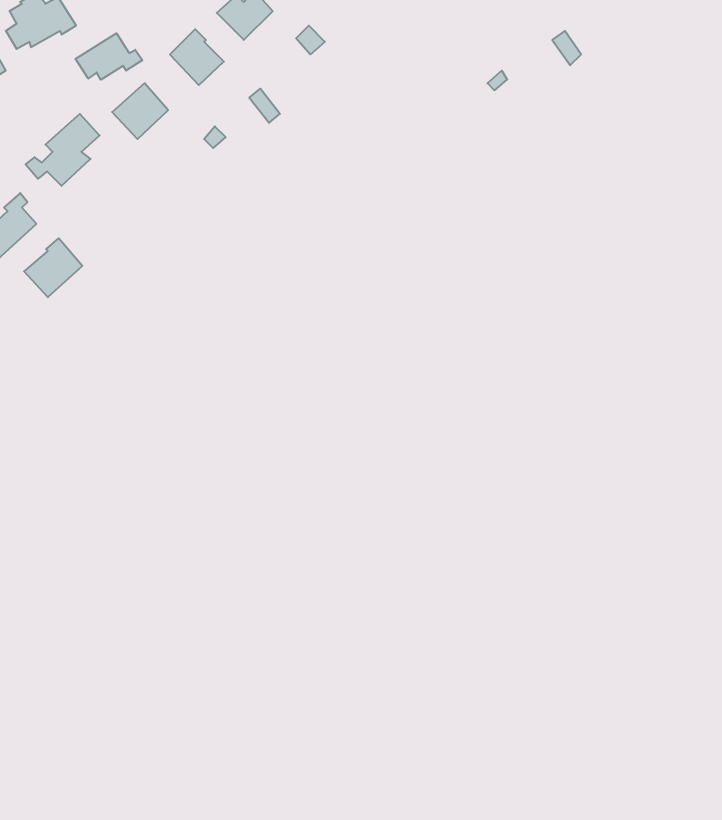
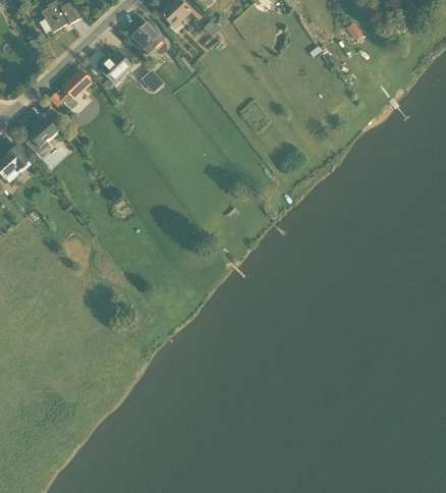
building: [76,33,142,80] -> none
building: [24,238,82,297] -> none

